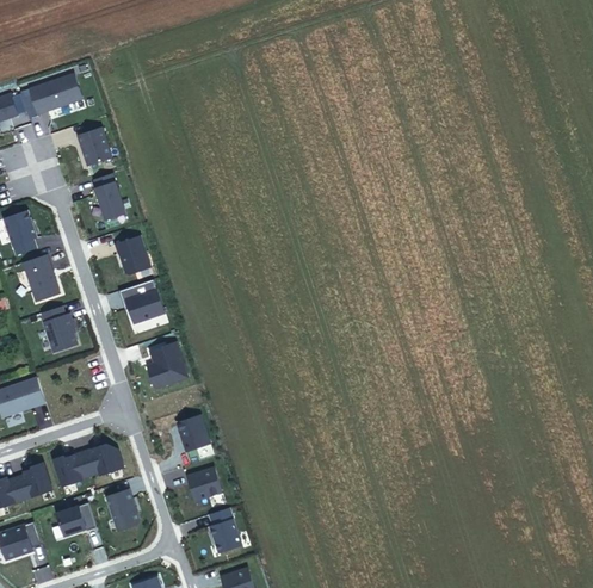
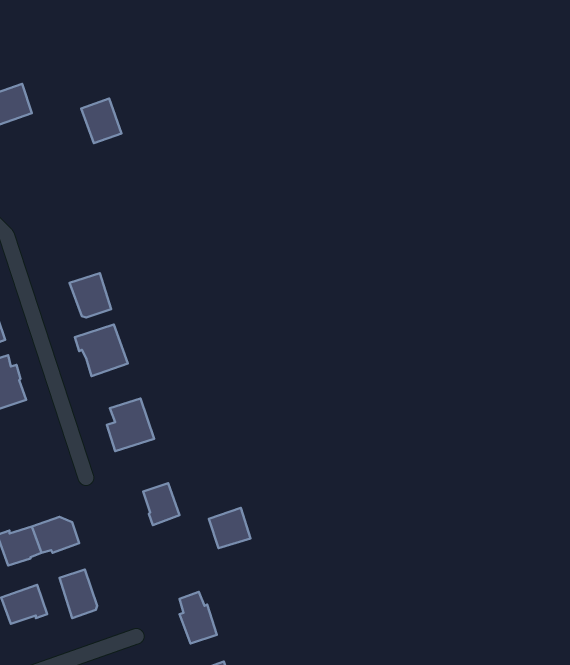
building: [78,126,112,165] -> [81,99,122,143]
building: [94,172,126,219] -> none
building: [186,466,222,501] -> [209,508,251,548]

